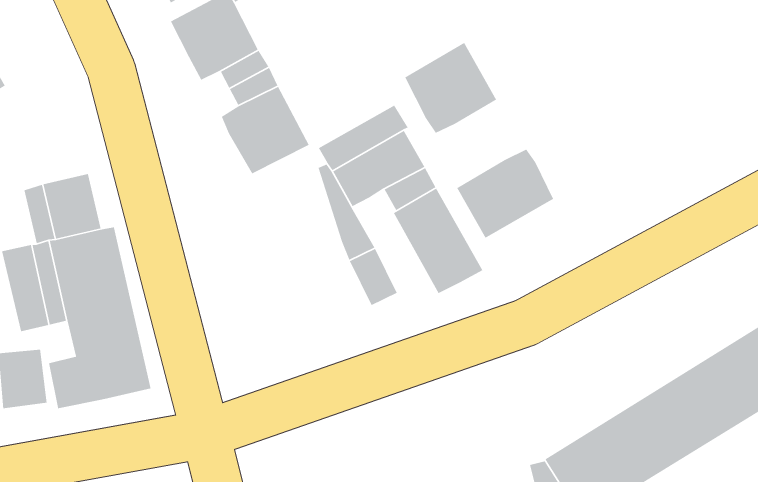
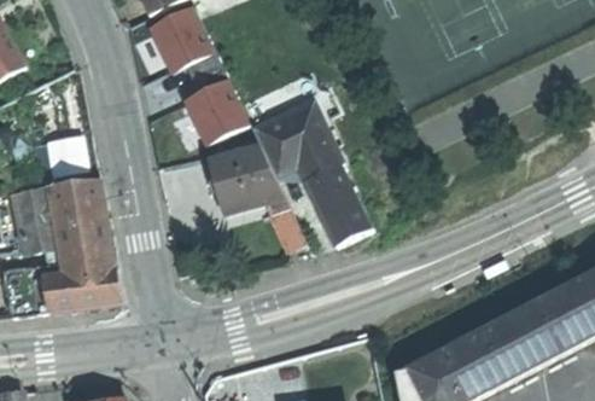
building: [404,42,497,134] -> none
building: [456,148,554,239] -> none
building: none -> [209,141,267,209]

